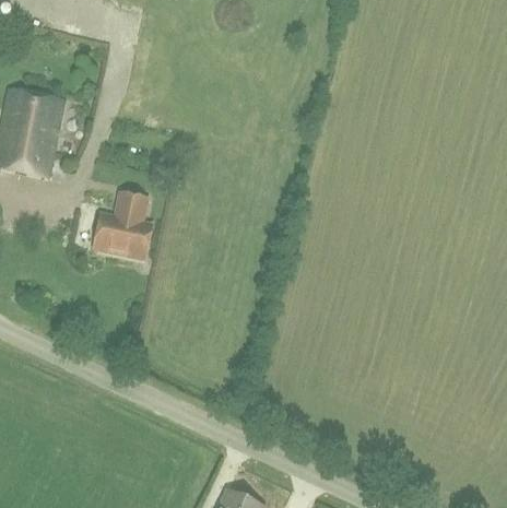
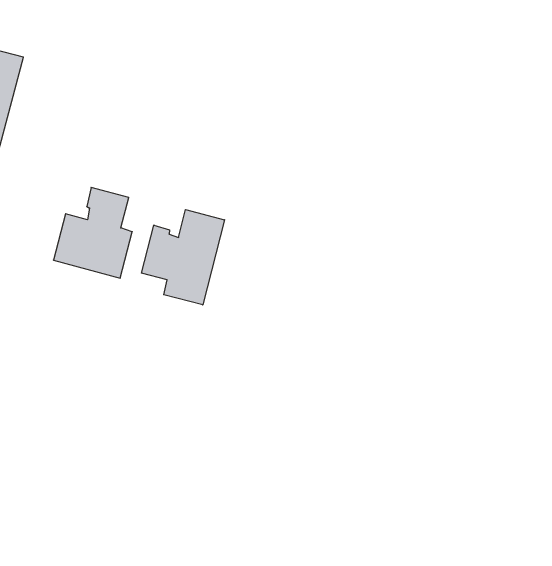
building: none -> [141,210,225,305]

